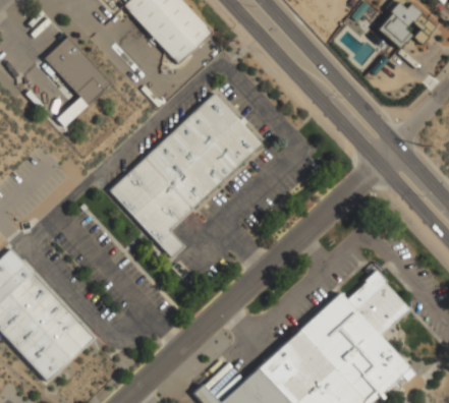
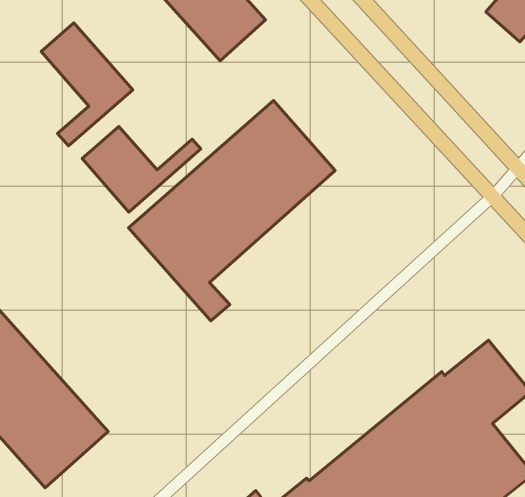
building: none -> [82,126,201,212]

